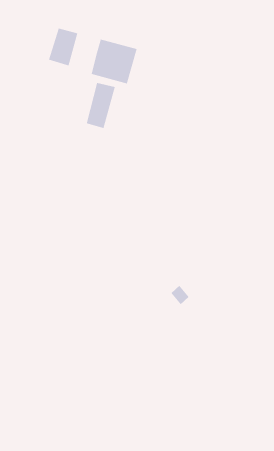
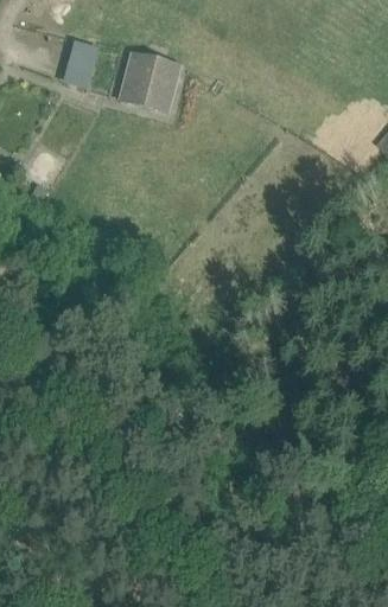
building: [86,82,116,129] -> none

